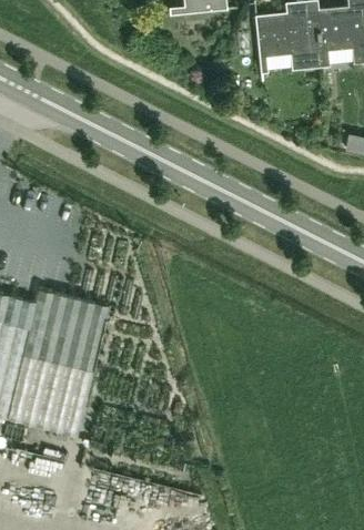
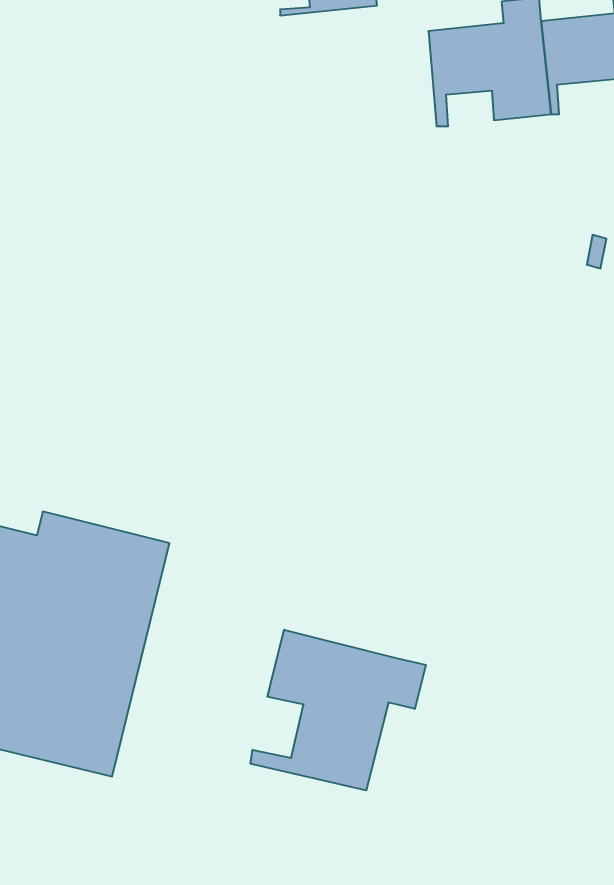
building: none -> [251,630,426,790]

